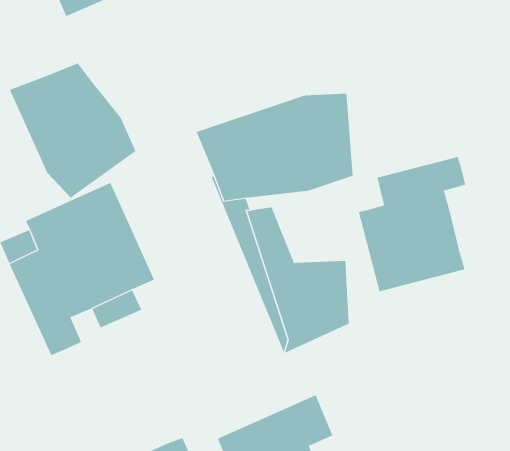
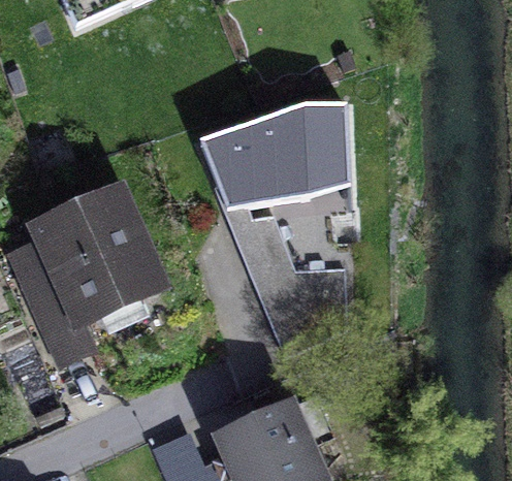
building: [9,62,136,198] -> none
building: [358,156,466,292] -> none

